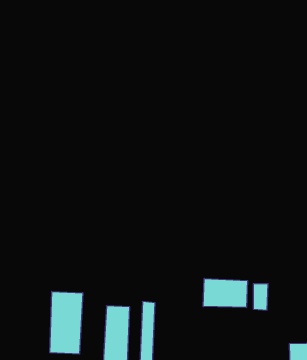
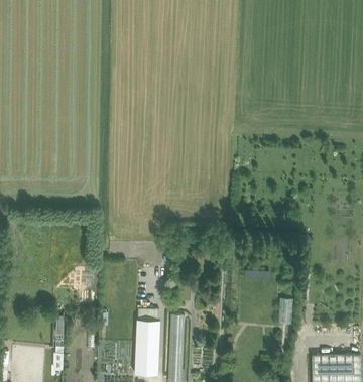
building: [203,278,248,308] -> none
building: [50,291,83,354] -> none

